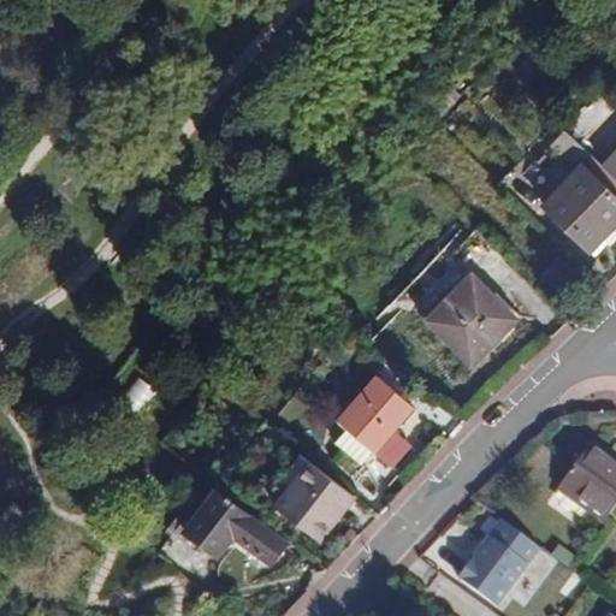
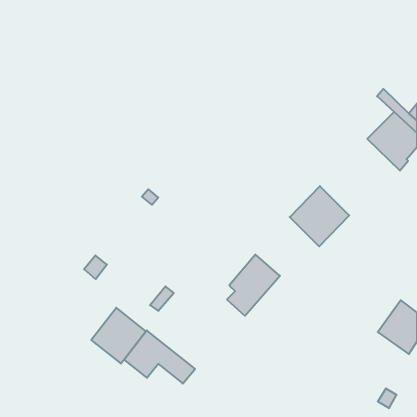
building: none -> [91,308,146,364]
building: [273,457,359,541] -> none
building: [460,517,541,608] -> none

